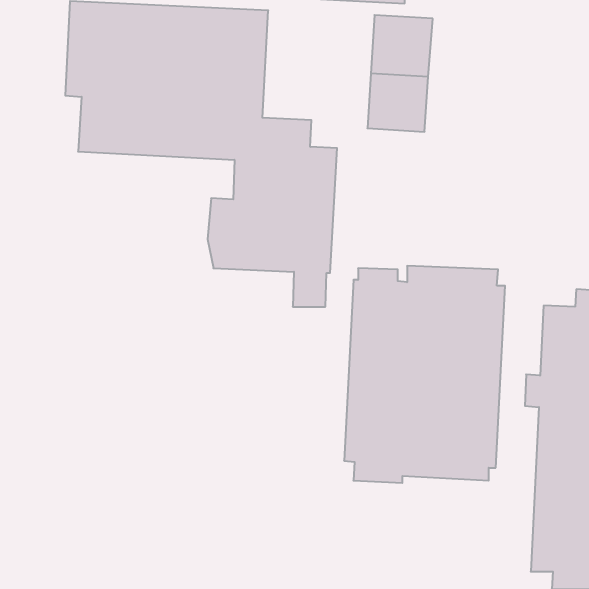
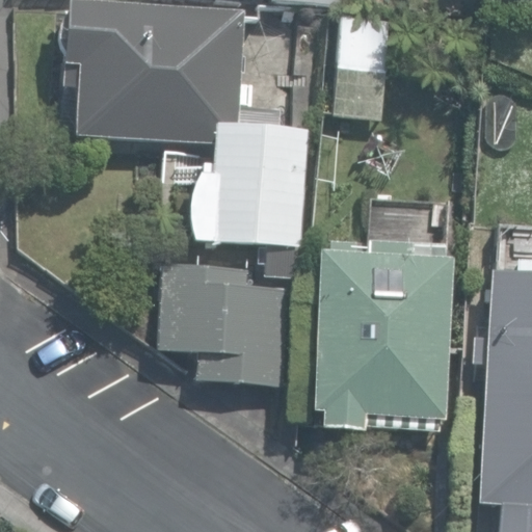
building: none -> [159,260,291,382]

